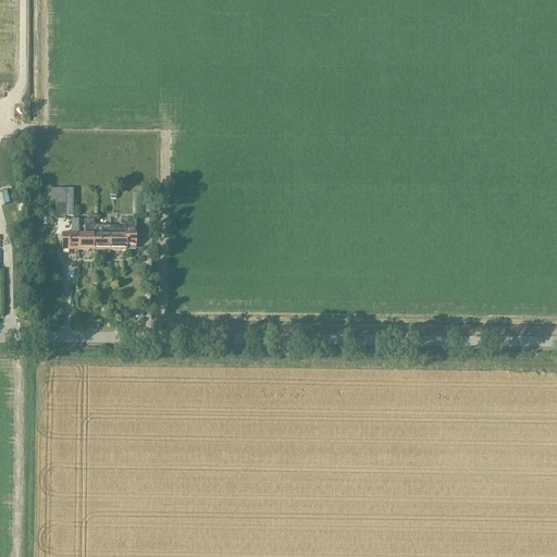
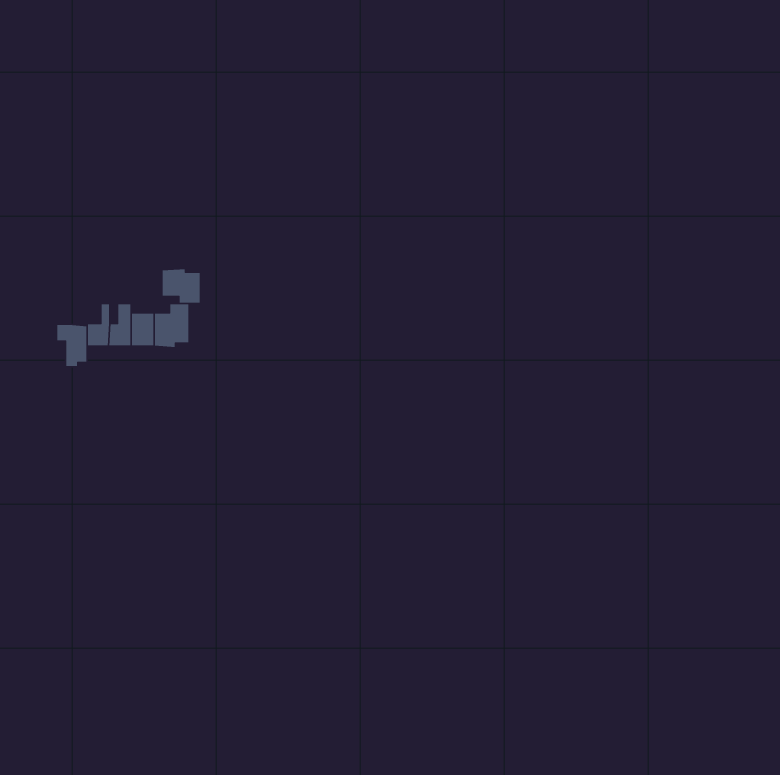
building: [50,186,72,216] -> [56,324,87,367]
building: none -> [162,269,200,304]

